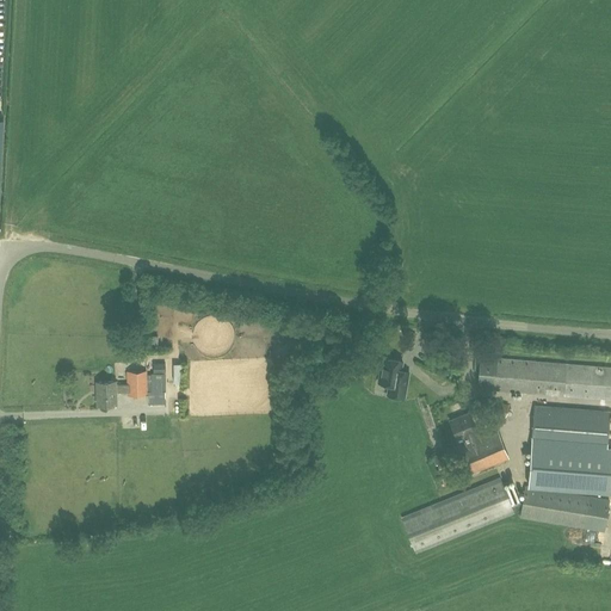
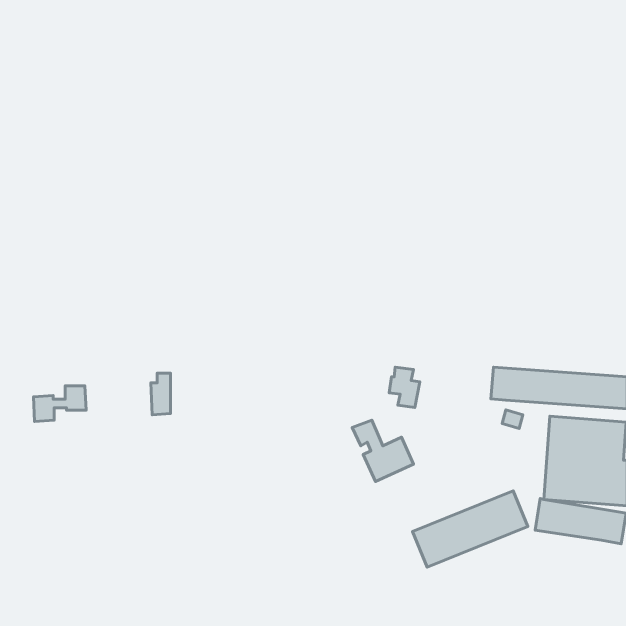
building: [97,370,148,405] -> [33,386,86,421]
building: [450,413,510,473] -> [352,420,414,481]

